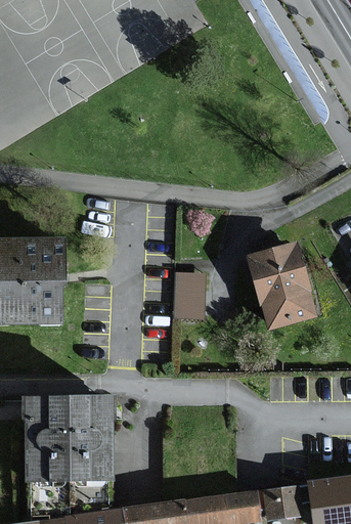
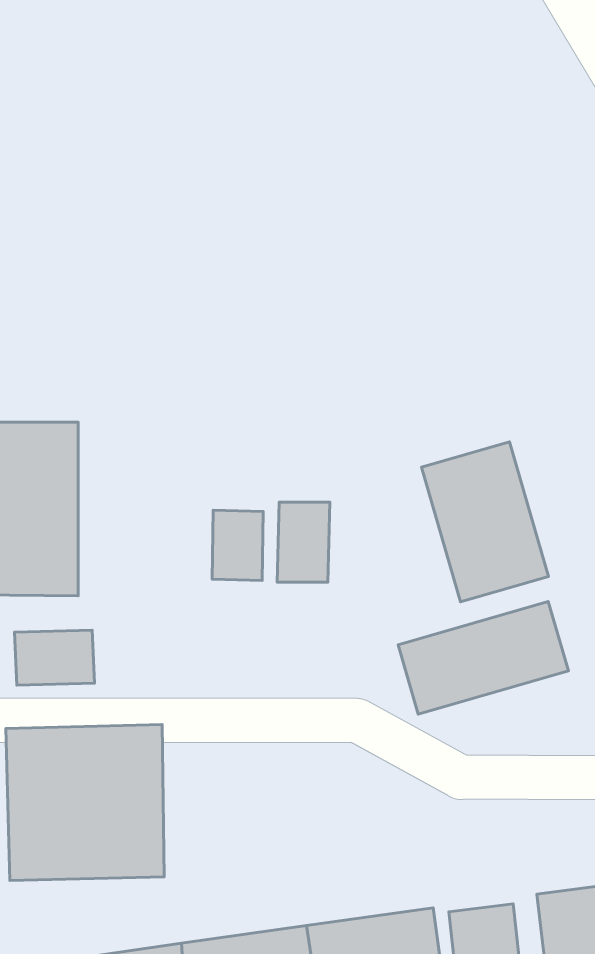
building: none -> [212,510,263,580]
building: none -> [398,601,568,714]
building: none -> [15,630,94,685]

